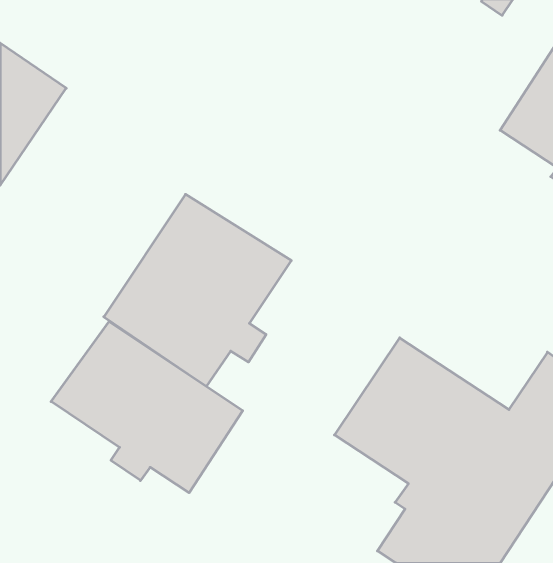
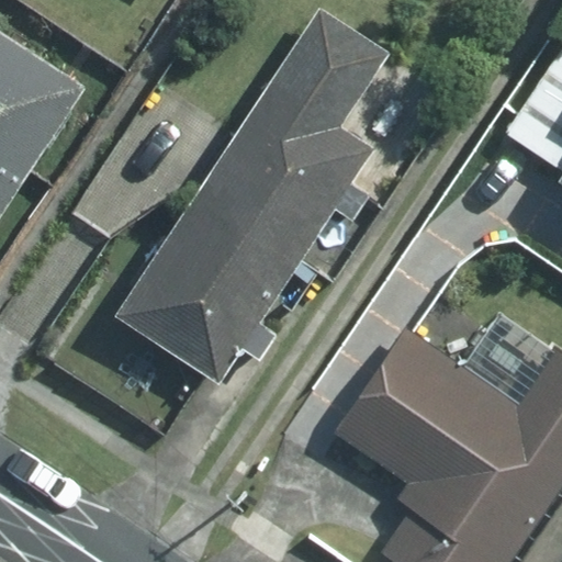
building: none -> [195,12,385,259]
building: [51,322,243,493] -> none

